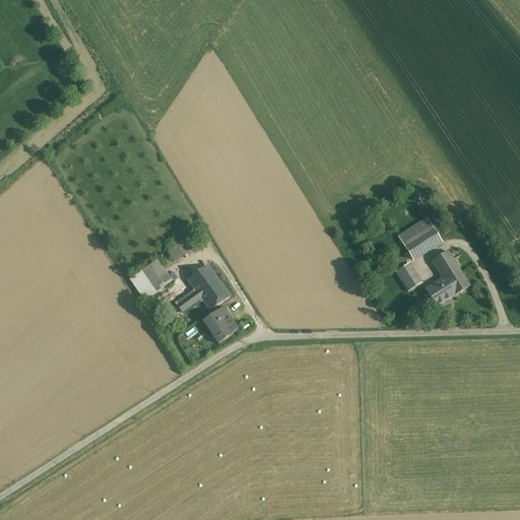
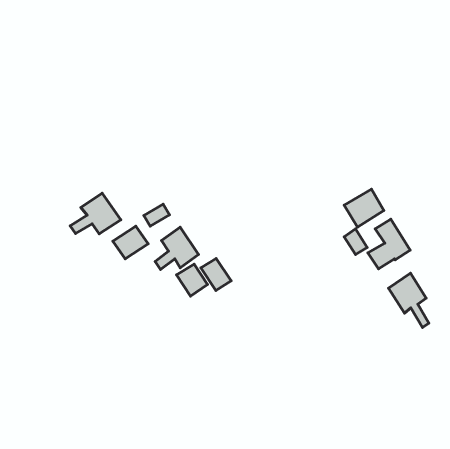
building: none -> [70,193,121,234]
building: none -> [201,258,231,290]
building: none -> [389,273,429,328]

